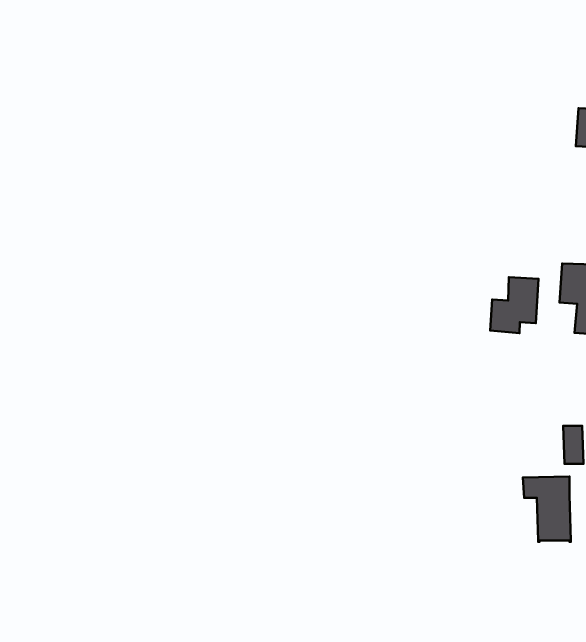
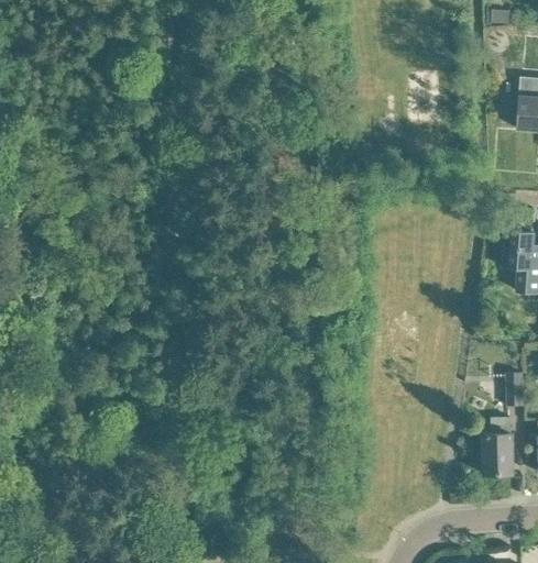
building: [490,277,538,333] -> none

